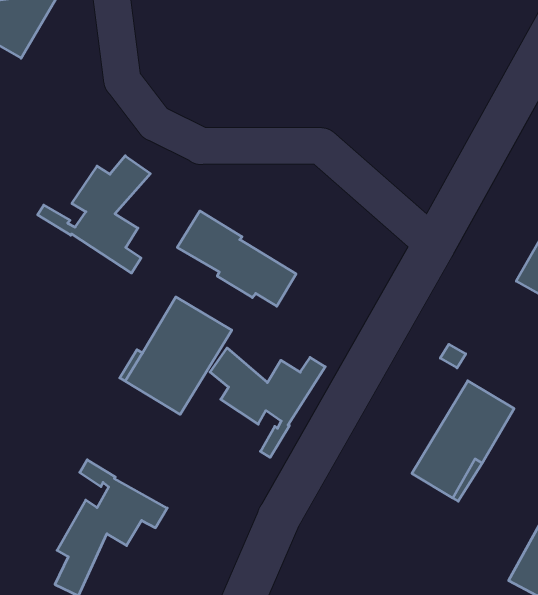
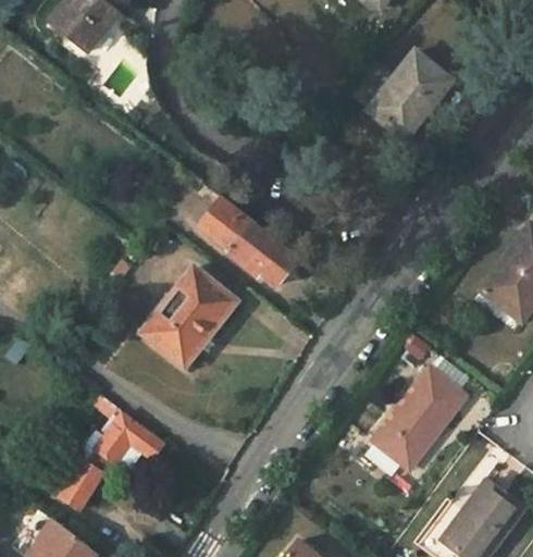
building: none -> [369,51,451,139]
building: [38,156,150,273] -> none
building: [210,348,325,457] -> none

